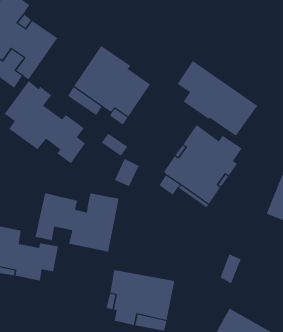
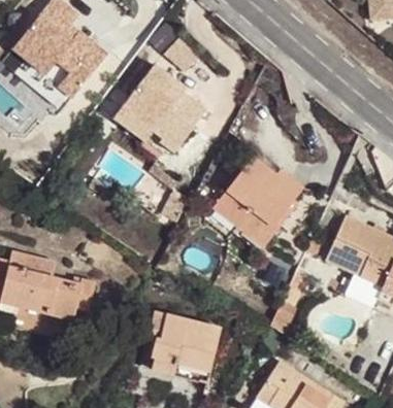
building: [177,60,258,137] -> none
building: [4,80,86,164] -> none
building: [35,193,119,252] -> none

